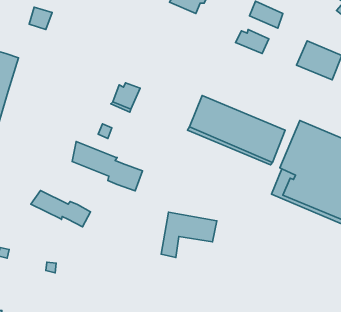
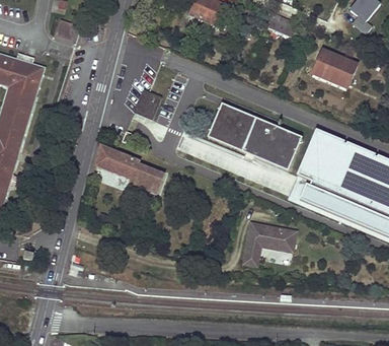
building: [236,29,269,54] -> none
building: [31,191,90,227] -> none
building: [161,212,217,257] -> [244,222,298,266]

